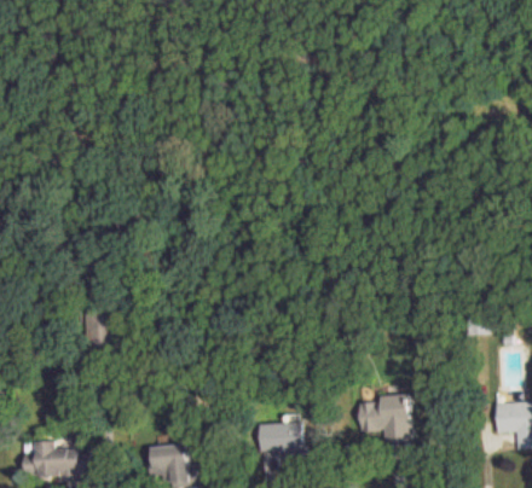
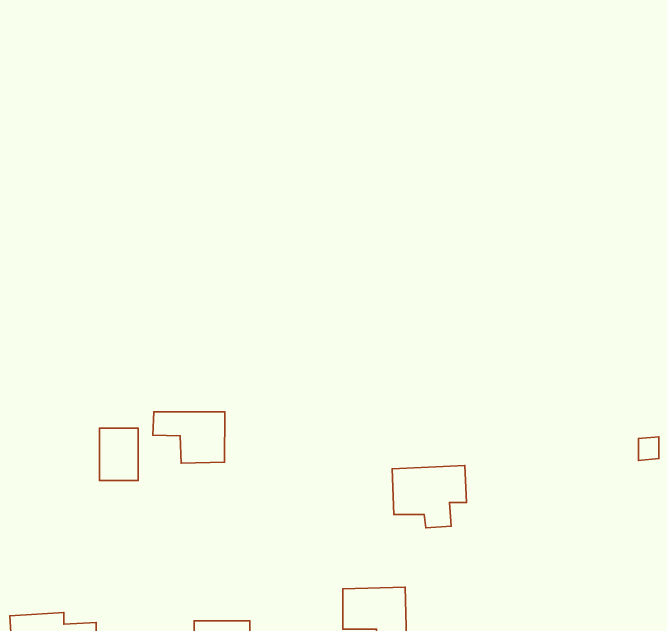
building: none -> [153,412,225,463]
building: [358,396,411,441] -> [392,465,466,528]

